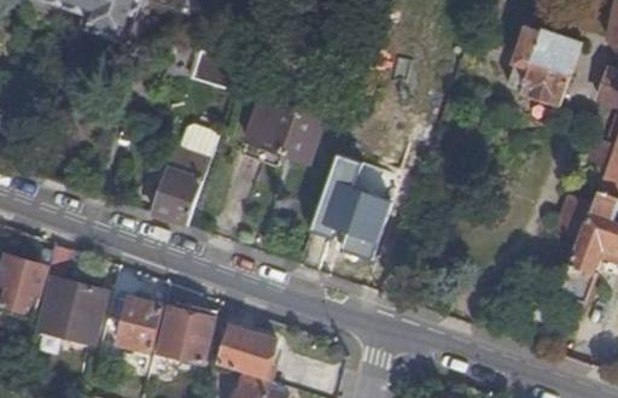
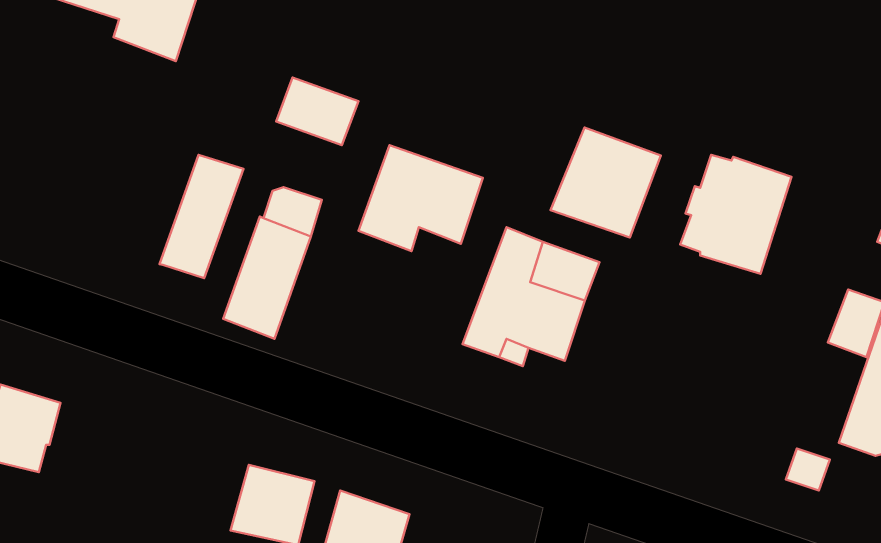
building: [507,28,581,106] -> [680,155,792,274]
building: none -> [550,128,661,238]
building: none -> [160,155,243,278]
building: [41,279,105,340] -> none
building: [118,298,163,350] -> none

